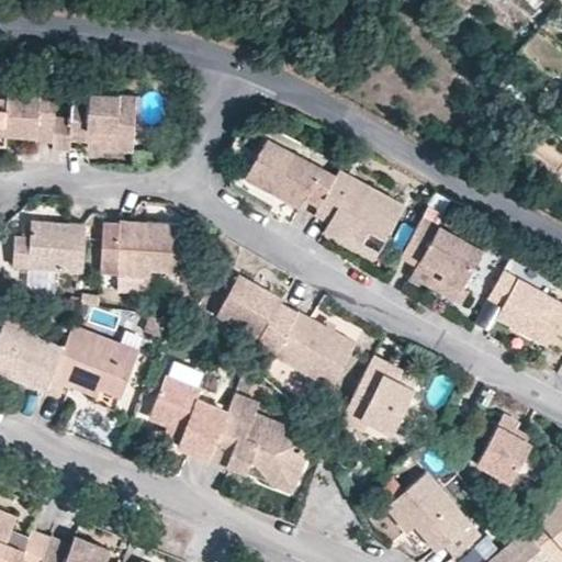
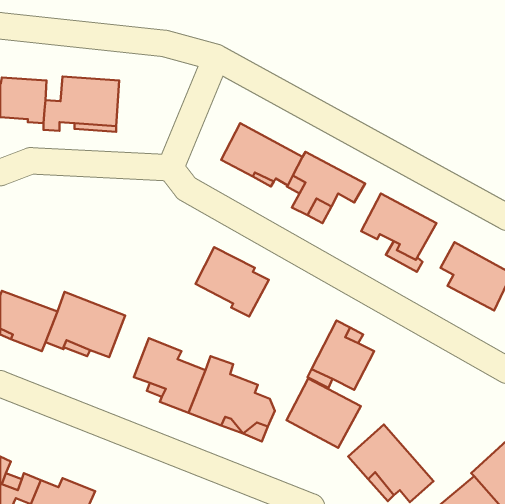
building: [101,222,183,291] -> none
building: [15,223,88,272] -> none
building: [276,313,358,390] -> [286,378,361,448]
building: [474,412,529,479] -> none

